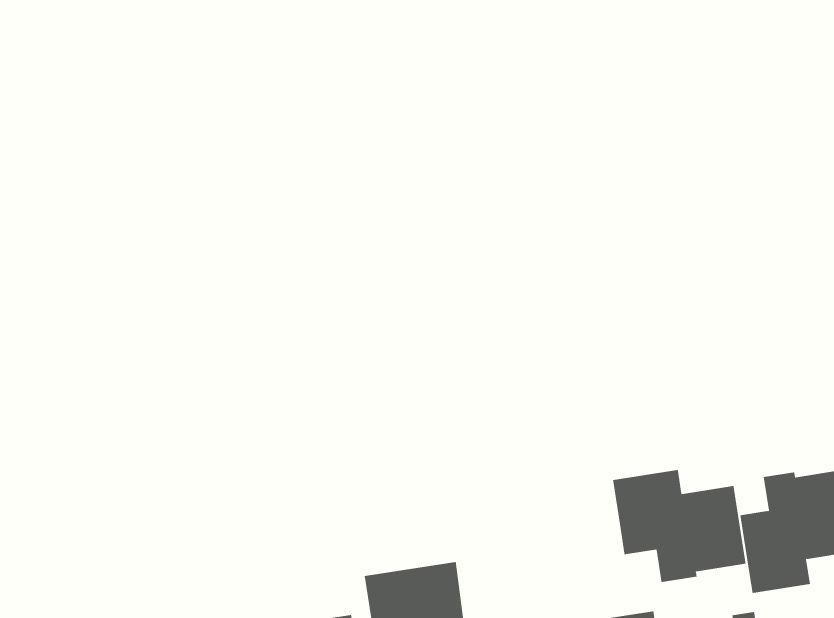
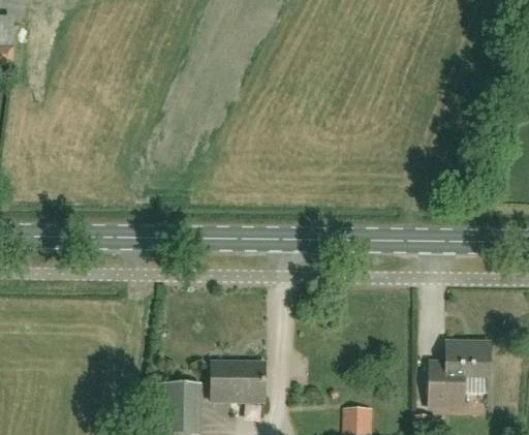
building: [612,469,746,583] -> none

